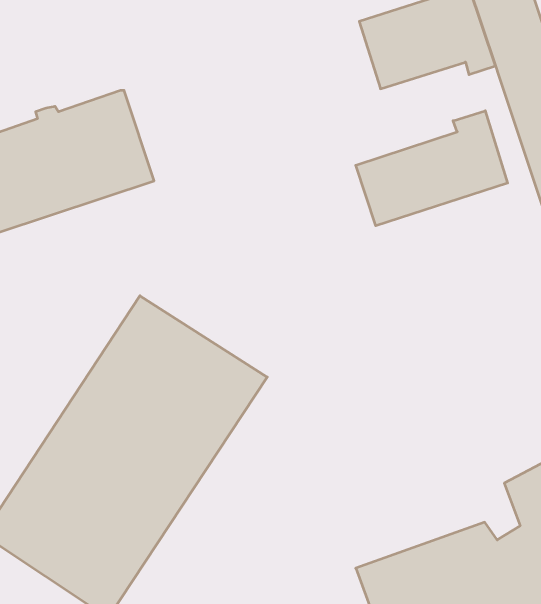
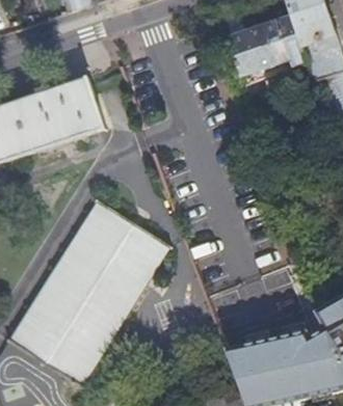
building: [356,111,508,226] -> none

